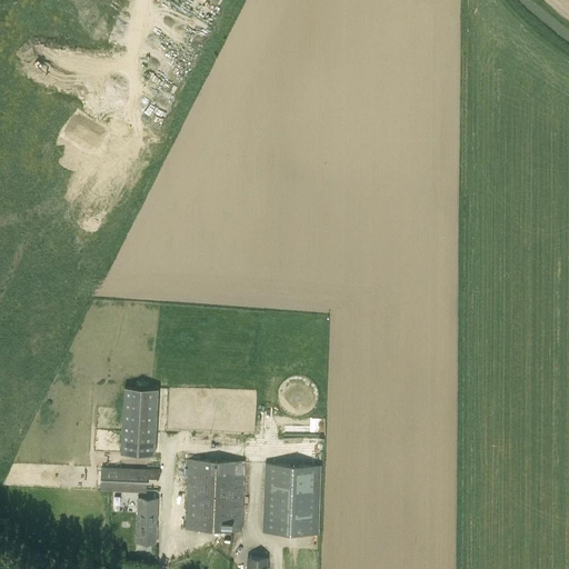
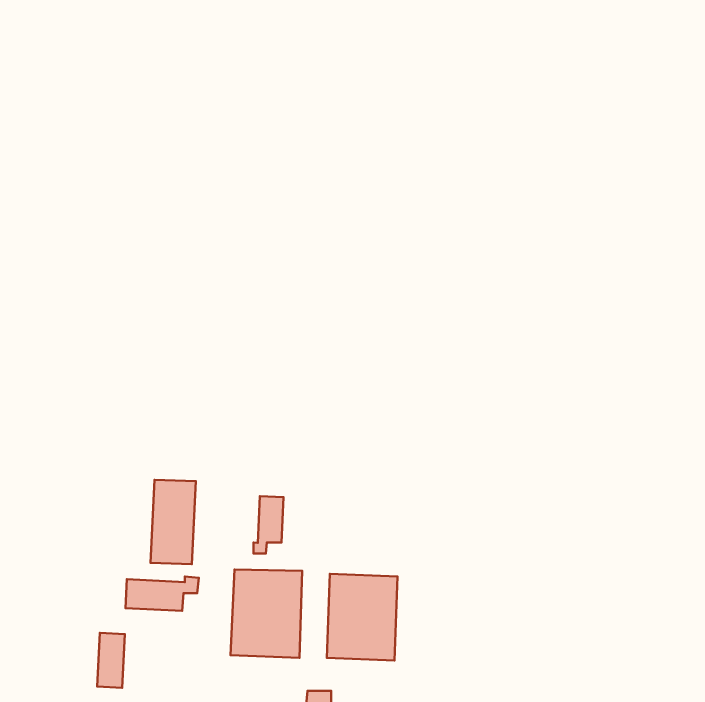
building: none -> [253,496,283,554]
building: [136,500,158,545] -> [97,633,125,688]

